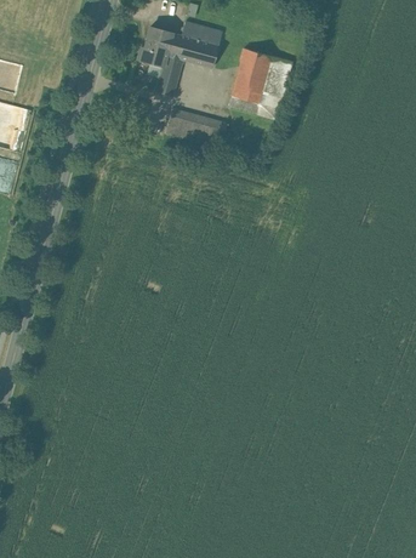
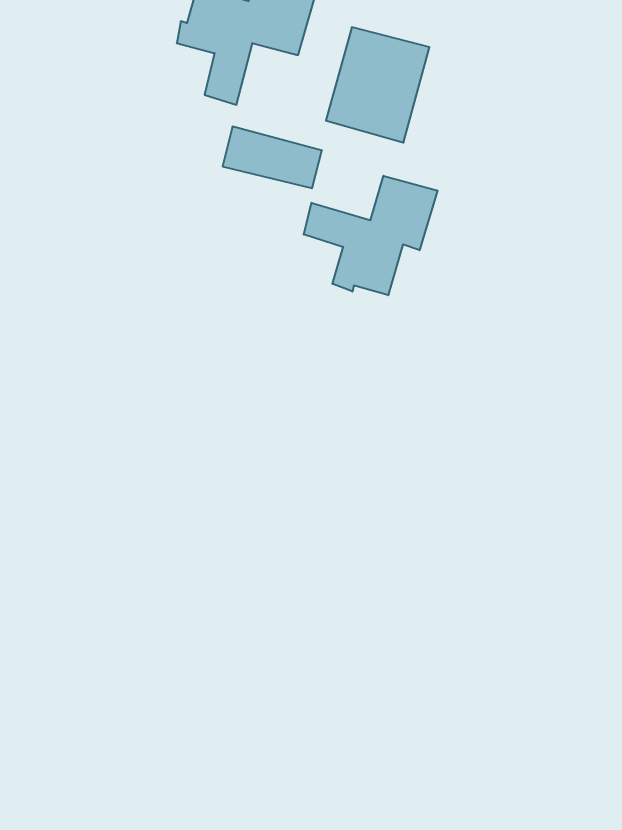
building: none -> [304,176,437,295]

